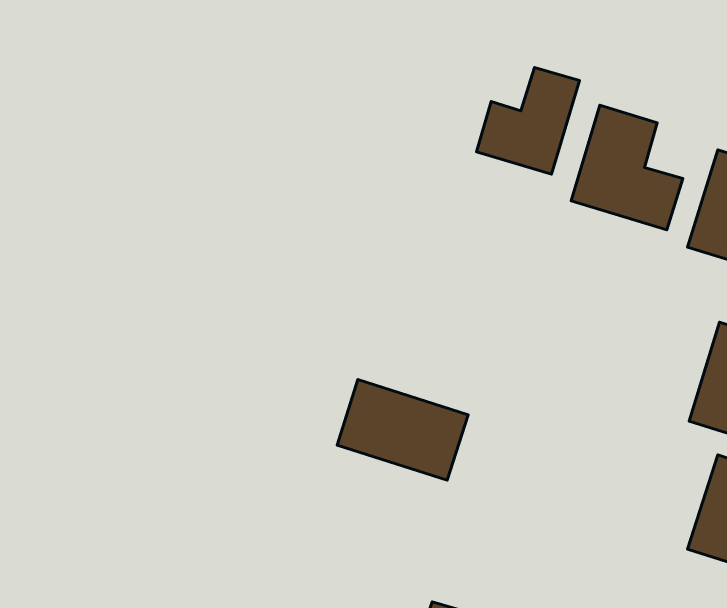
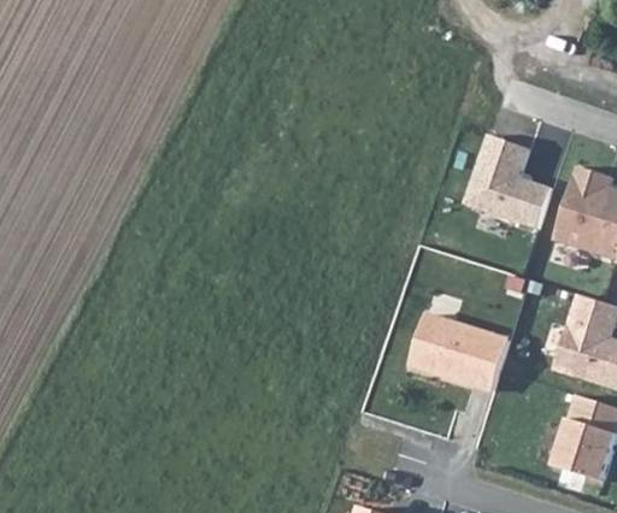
building: [477,67,579,174] -> none
building: [337,380,468,480] -> [410,314,509,390]

